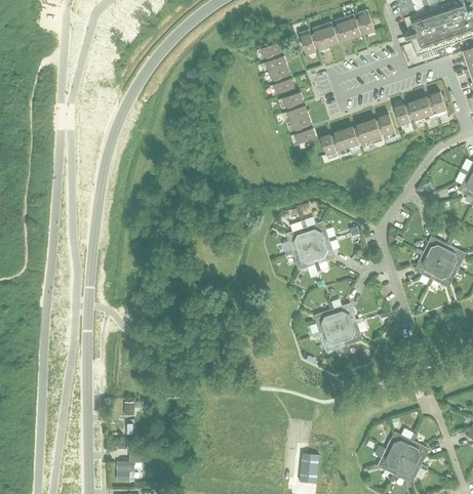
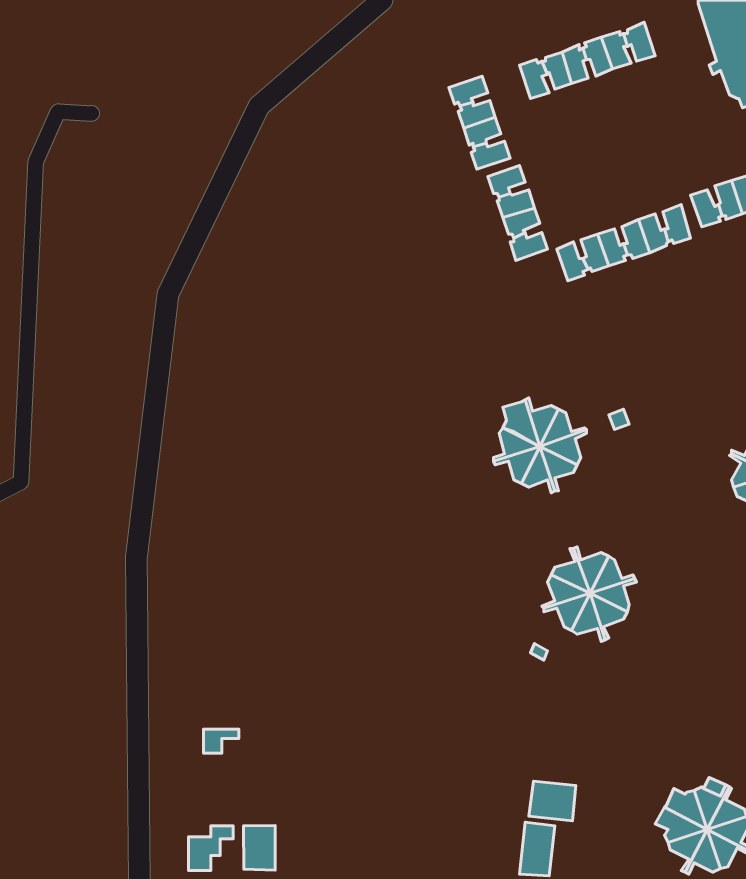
building: none -> [529,781,576,821]
building: none -> [244,825,275,870]

